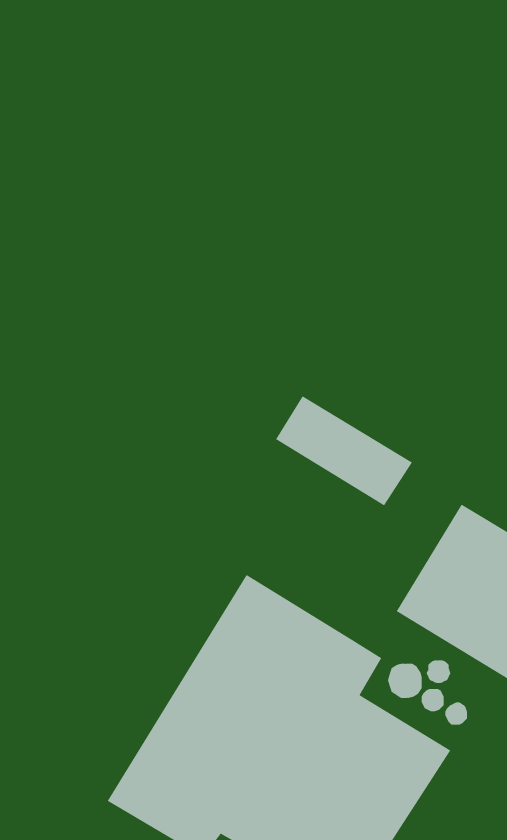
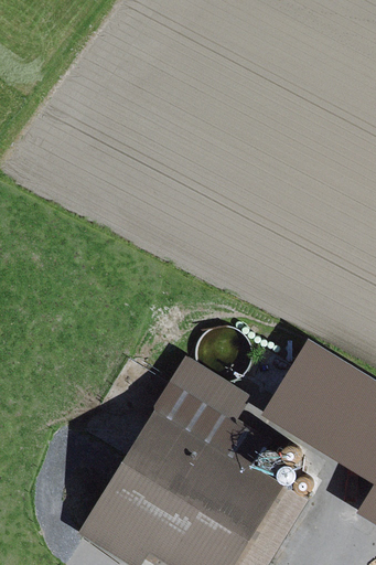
building: [275,396,413,506] -> [168,358,258,430]

